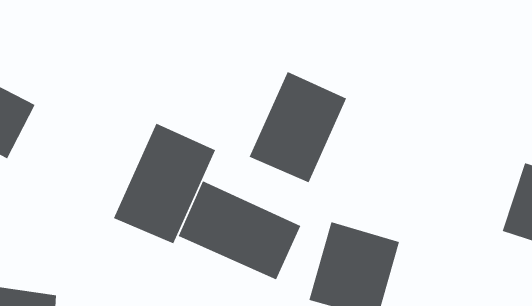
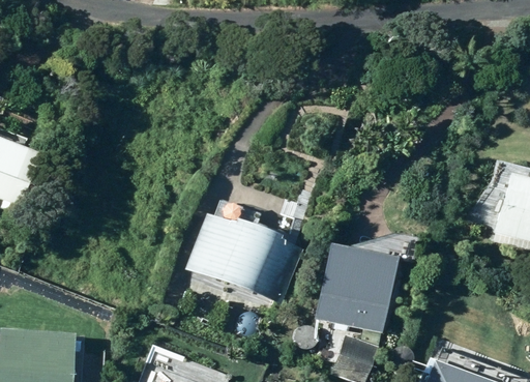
building: [249,71,347,183] -> none
building: [113,123,216,244] -> none

